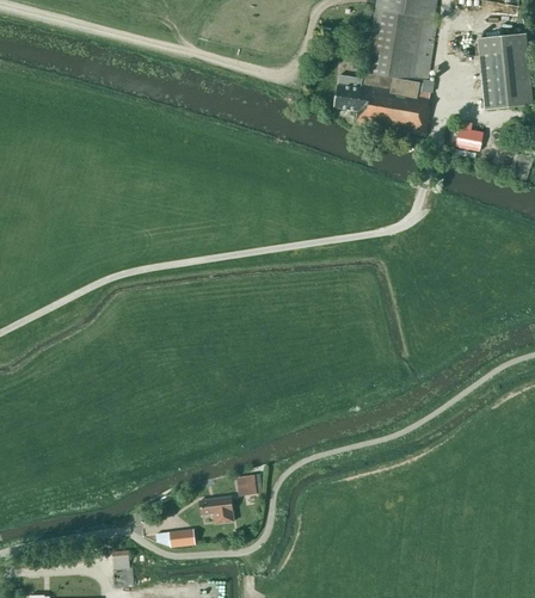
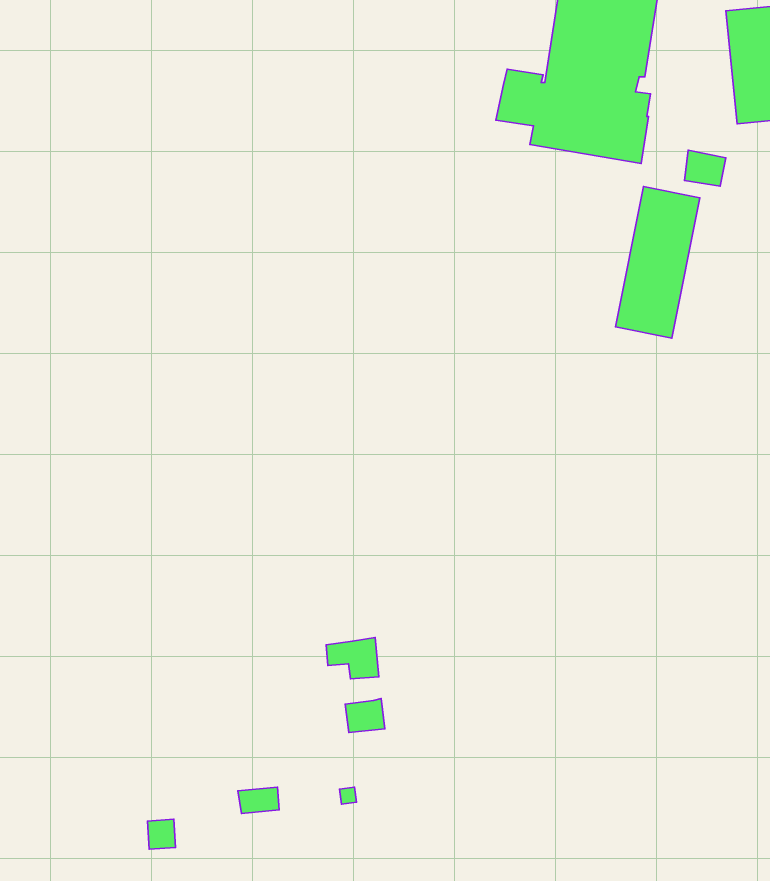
building: none -> [616,187,700,338]
building: [201,497,234,523] -> [326,637,379,679]

